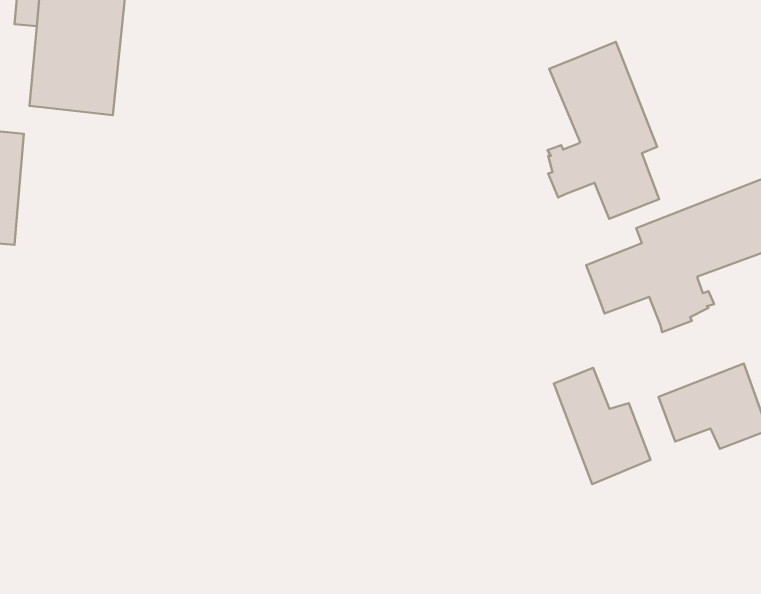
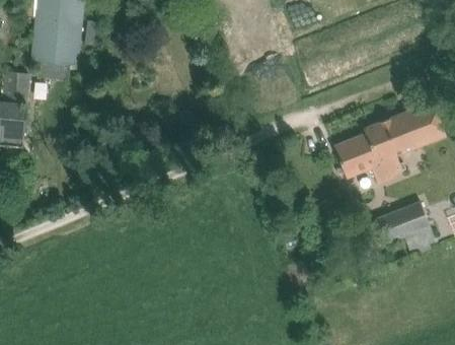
building: [547,42,659,219] -> none
building: [554,368,650,484] -> none

